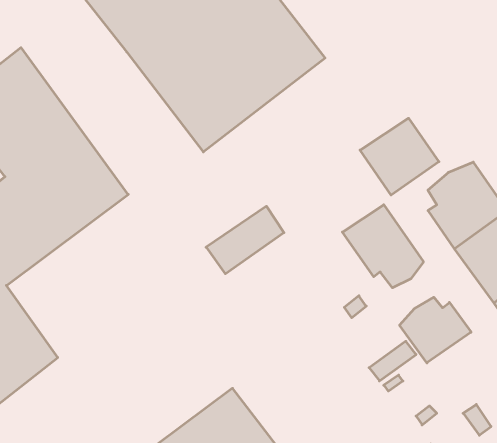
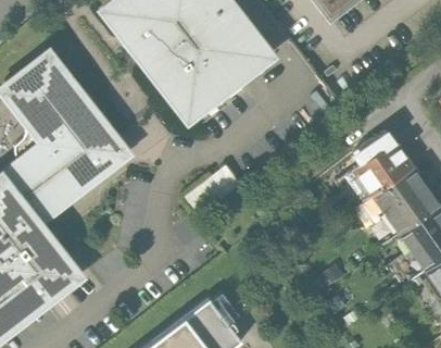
building: [360,118,439,195] -> none
building: [342,205,423,288] -> none
building: [400,297,471,363] -> none

